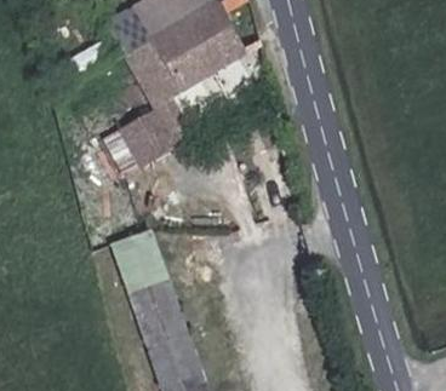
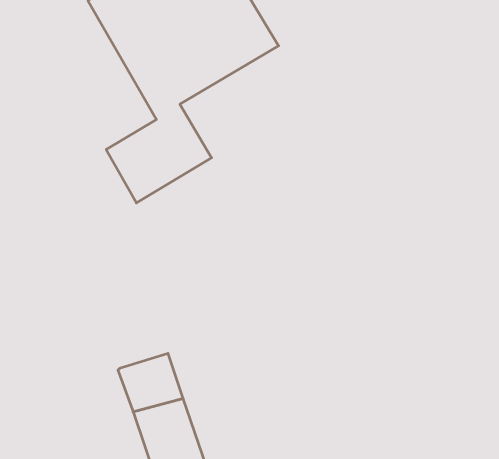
building: [111,229,165,289] -> none

